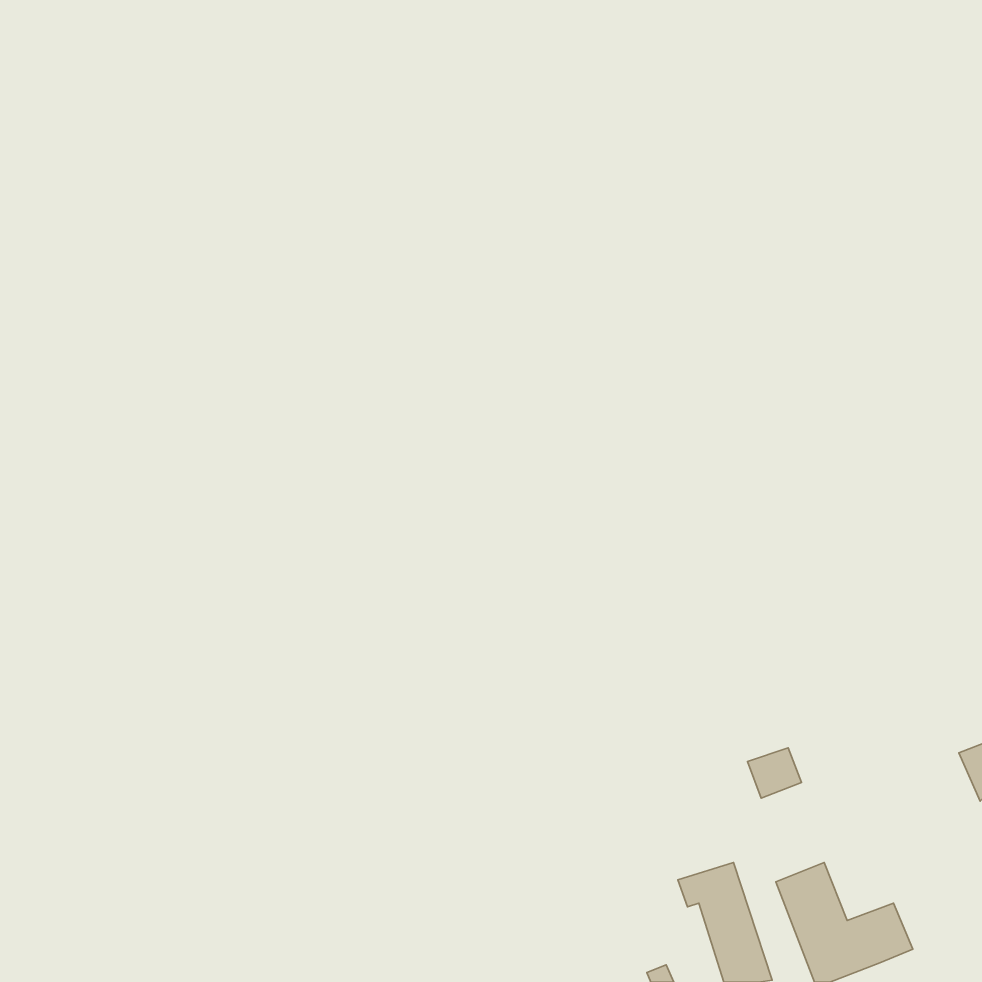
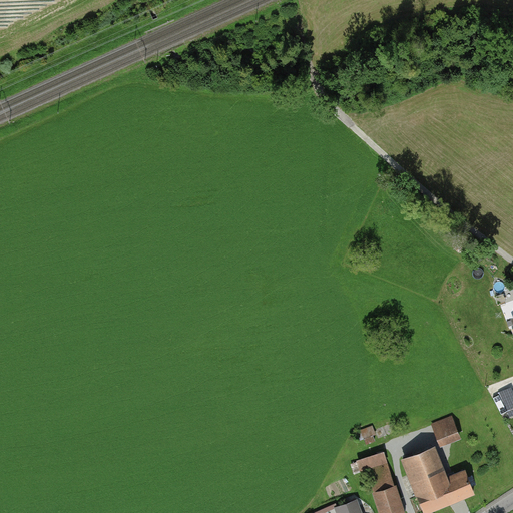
building: [748,748,802,798] -> [431,418,459,444]

